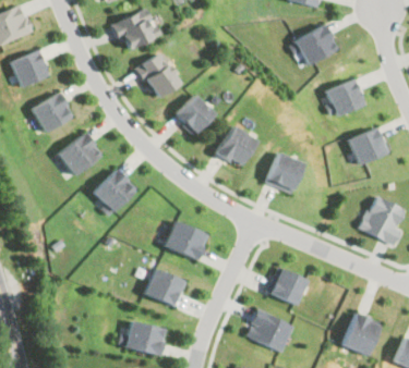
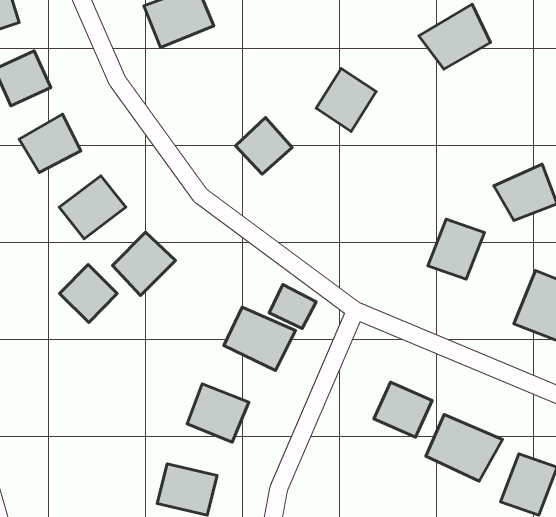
building: [137,53,179,99] -> none
building: [323,78,365,116] -> none
building: [214,126,253,168] -> [316,68,376,132]
building: [262,154,299,193] -> [428,219,484,279]
building: none -> [60,264,117,323]
building: none -> [269,285,316,329]
building: [249,309,299,353] -> [426,415,502,481]

